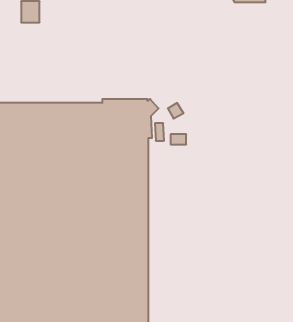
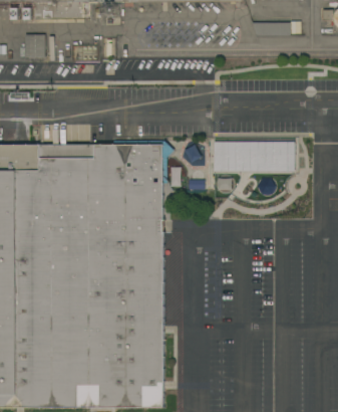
building: none -> [212,140,296,171]

